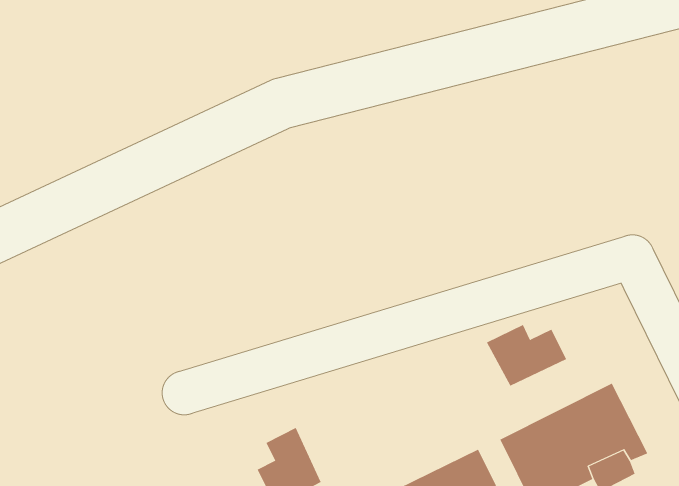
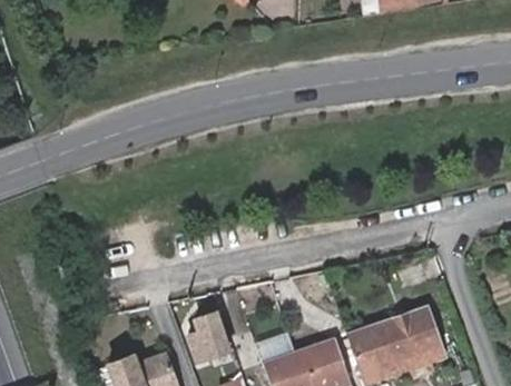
building: [486,324,567,387] -> none

